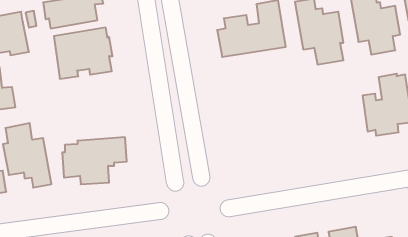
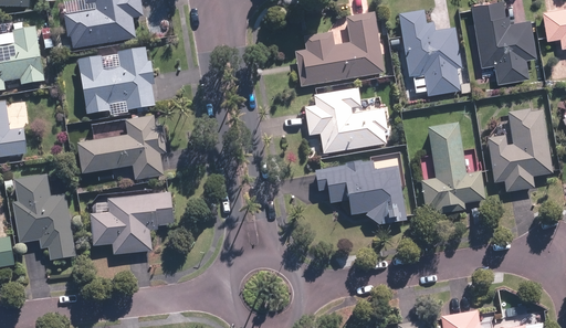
building: none -> [305,87,388,155]
building: none -> [76,115,166,181]
building: none -> [420,123,485,214]
building: none -> [316,157,408,226]

